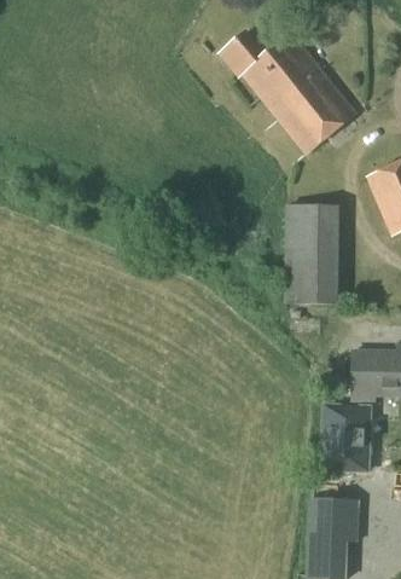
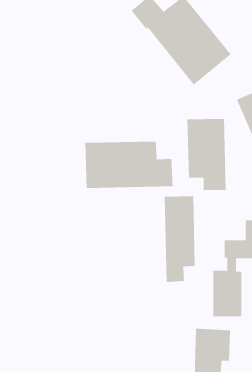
building: none -> [85,141,173,189]
building: none -> [164,195,195,283]

